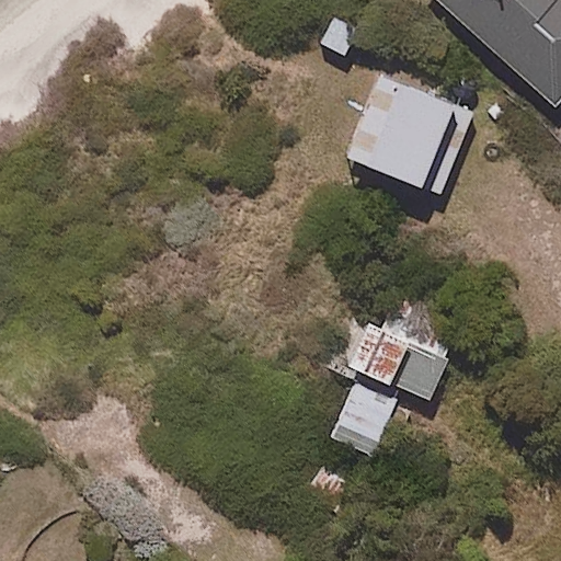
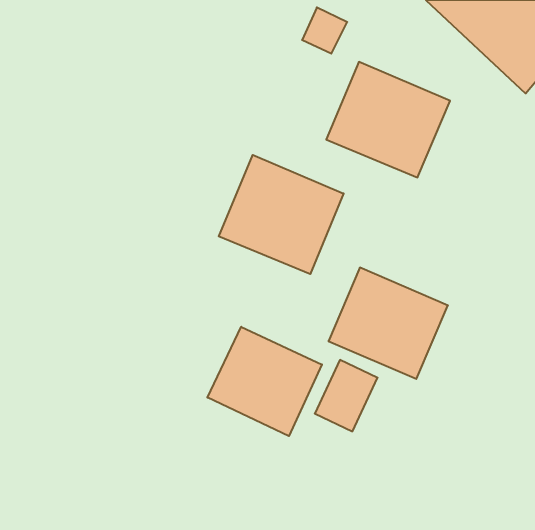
building: none -> [219,155,344,274]
building: none -> [207,327,322,436]

